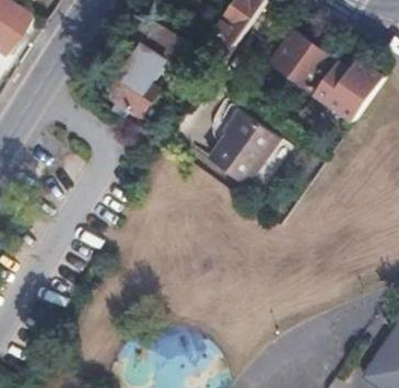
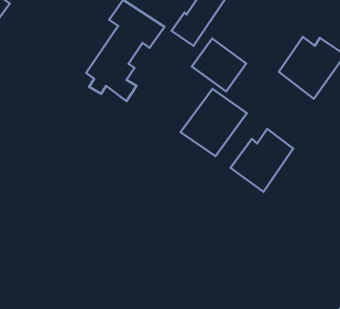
building: [271,31,330,89] -> [192,38,246,92]
building: none -> [230,129,293,192]

